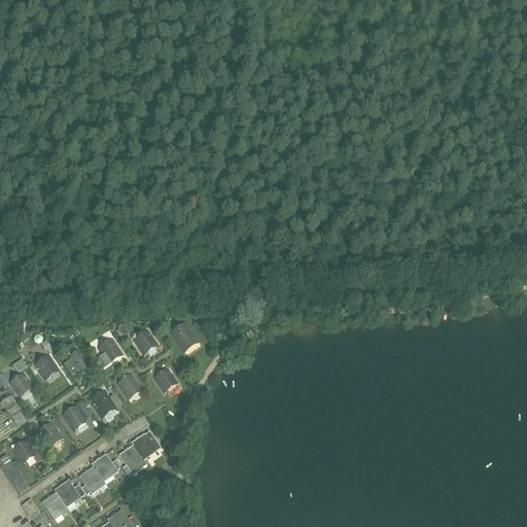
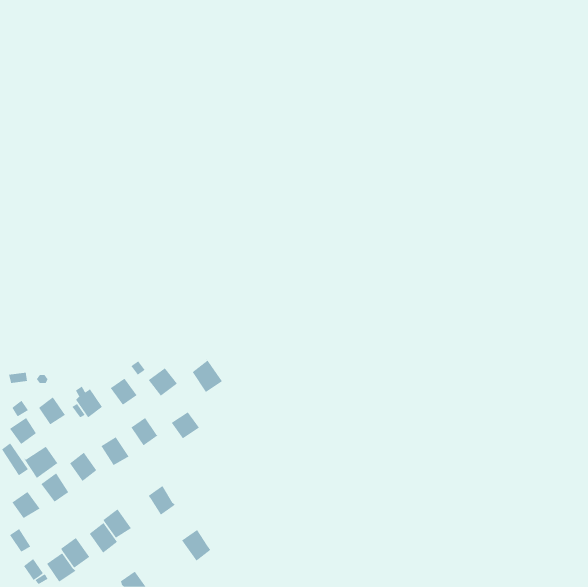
building: none -> [24,446,58,479]
building: [119,445,146,473] -> [181,529,211,561]

